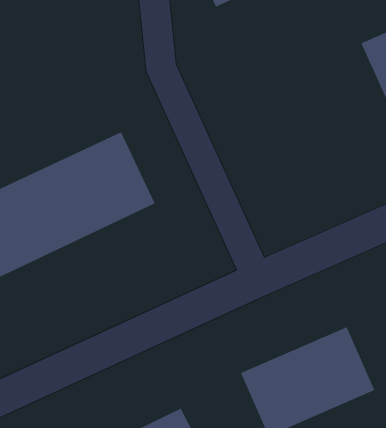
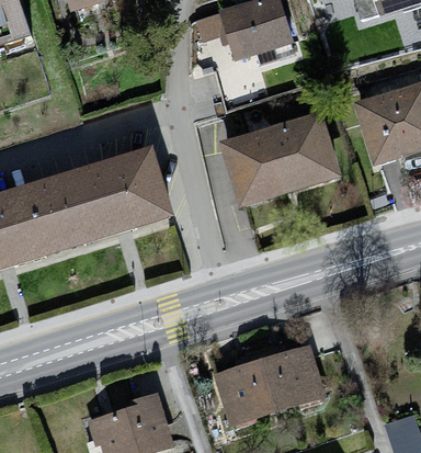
building: none -> [221,117,335,206]

